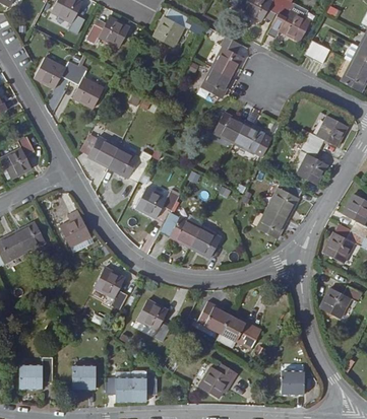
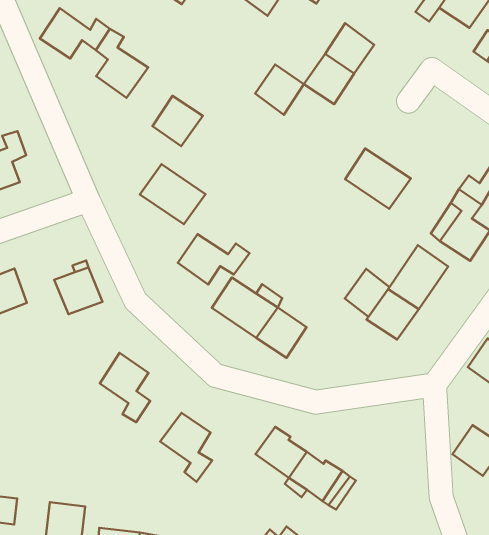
building: [213,113,243,143] -> [255,64,304,115]
building: [87,137,118,167] -> [152,96,203,146]
building: none -> [345,269,389,317]

